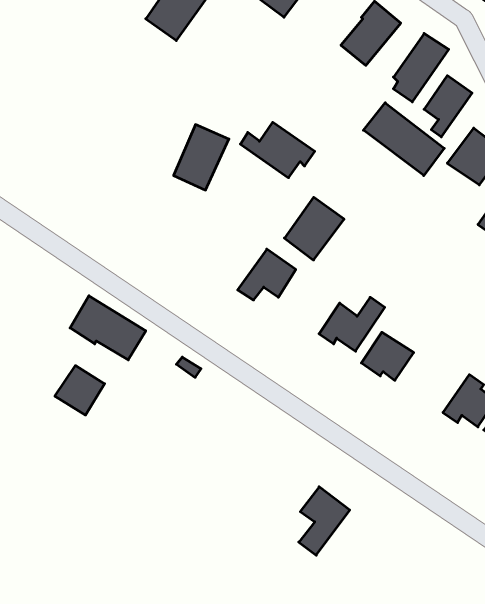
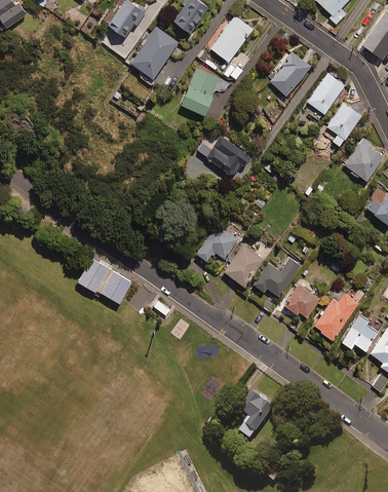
building: [363,103,444,176] -> none
building: [174,125,229,190] -> [182,68,221,114]
building: [284,197,344,260] -> [223,243,265,288]
building: none -> [313,290,364,340]
building: [55,366,105,415] -> none

